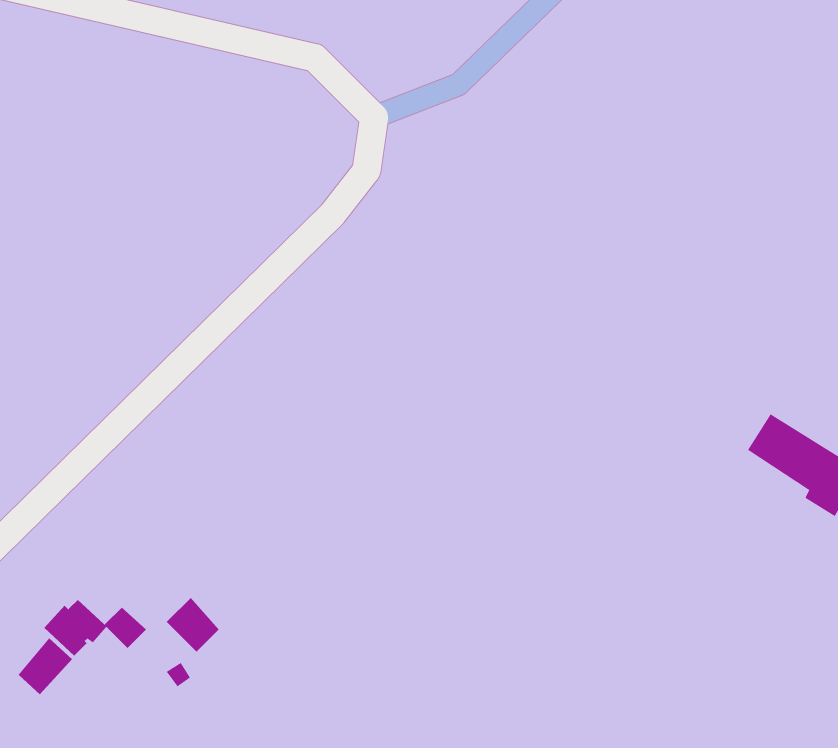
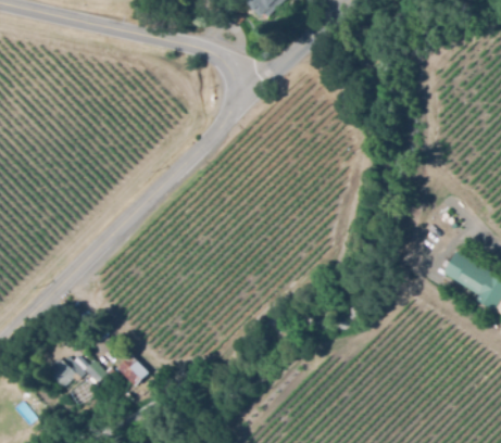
building: [18,637,73,695] -> none

